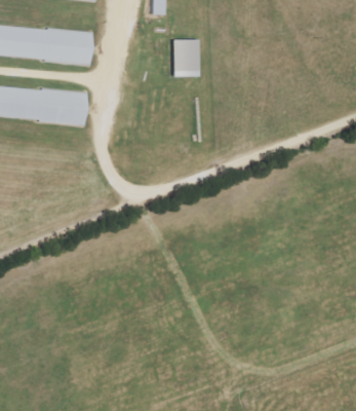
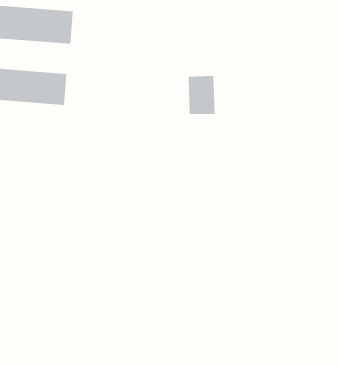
building: [173,40,200,78] -> [188,75,215,115]

